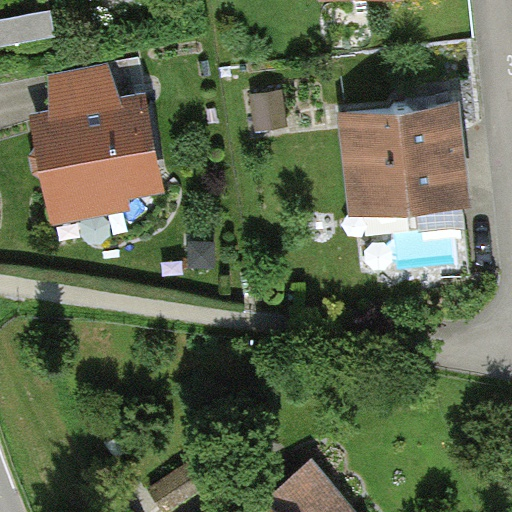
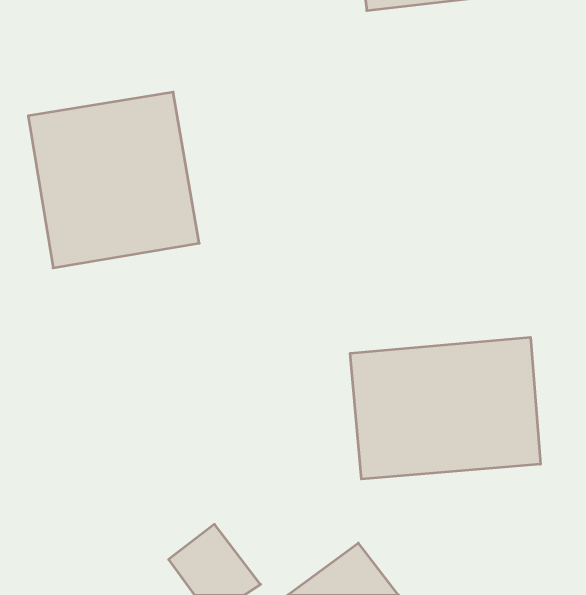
building: [337,105,469,210] -> none
building: none -> [350,337,540,479]

